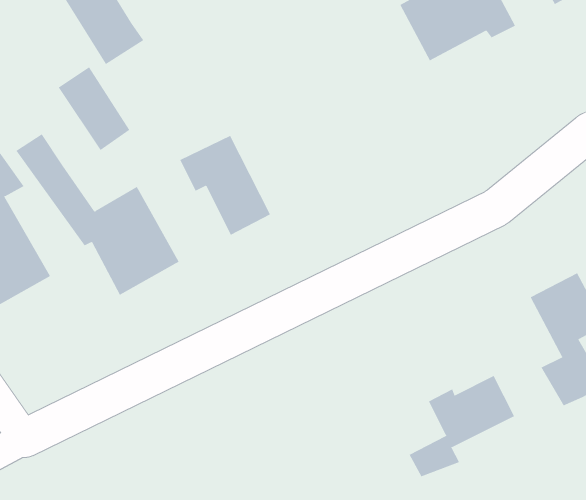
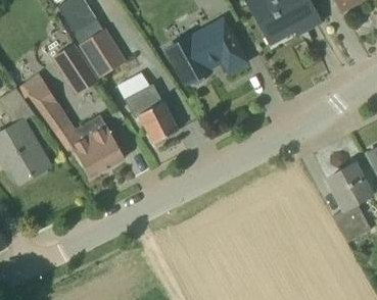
building: none -> [166,20,245,85]
building: none -> [81,29,126,79]
building: [409,375,515,477] -> none

